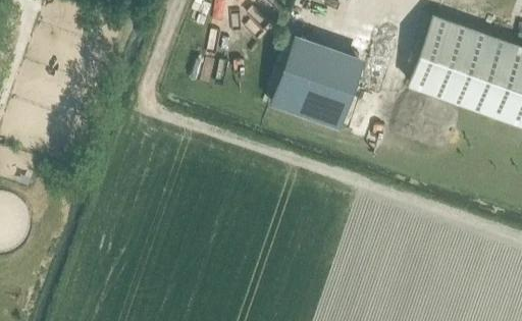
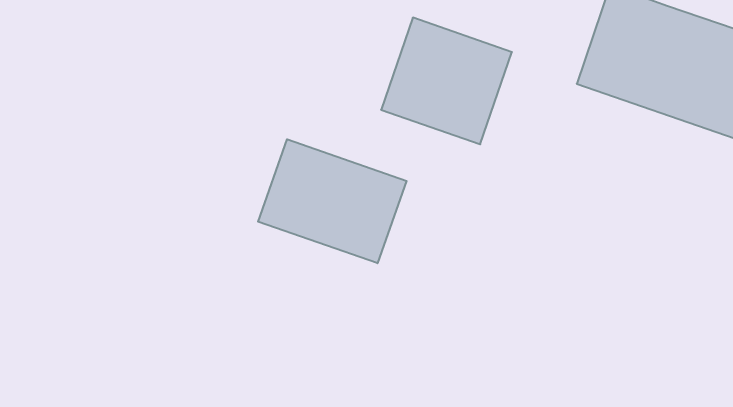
building: none -> [258,139,407,263]

